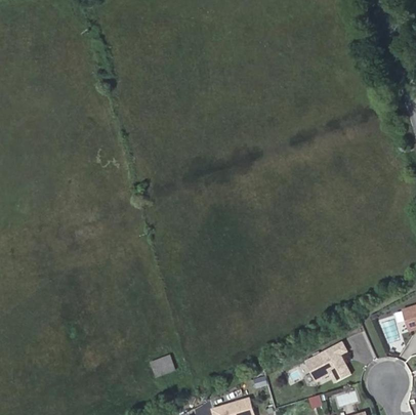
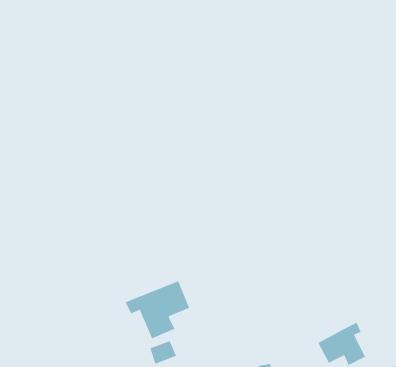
building: none -> [125,280,190,339]

